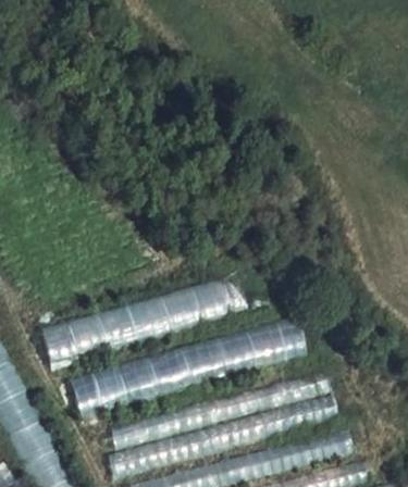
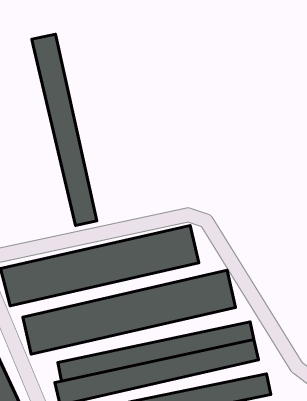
building: none -> [32,34,97,226]

